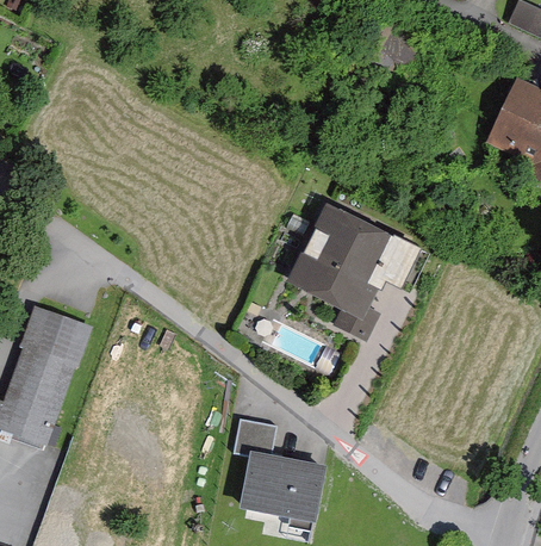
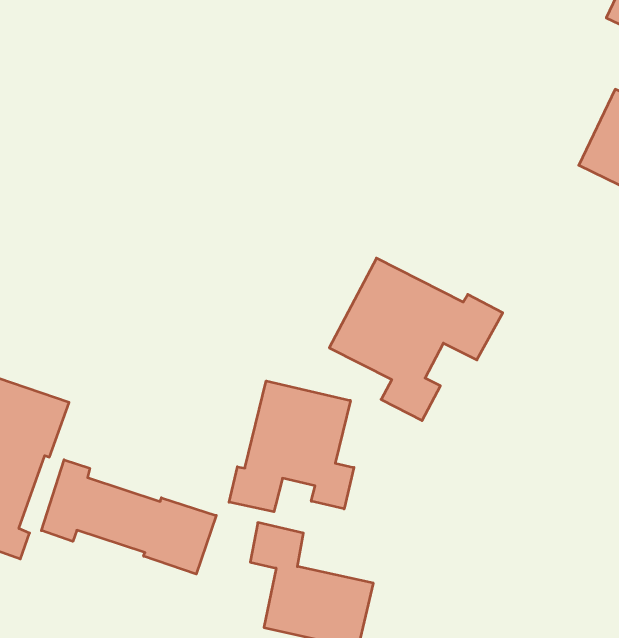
building: none -> [229,381,354,512]
building: none -> [41,460,216,574]

